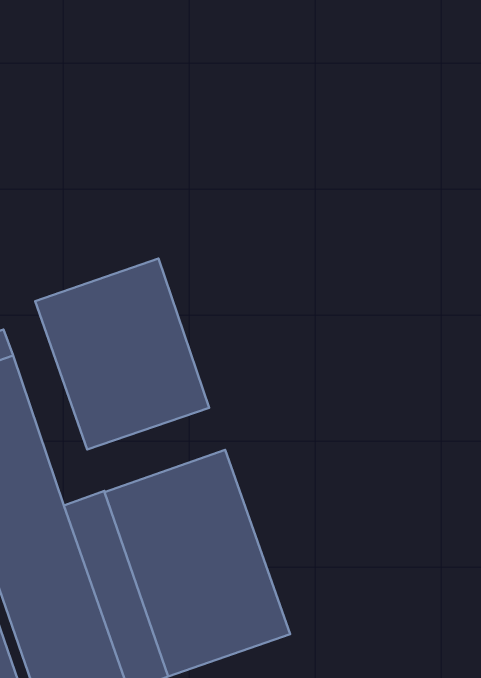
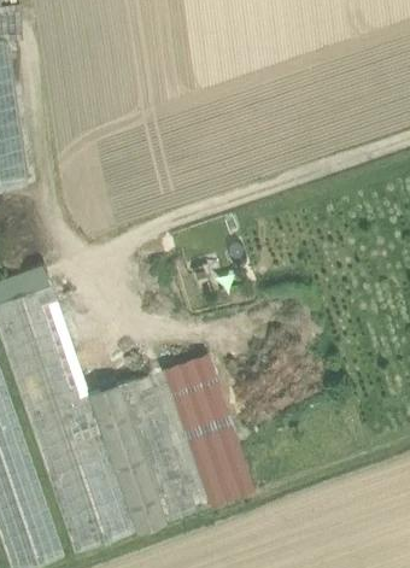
building: [35,258,209,450] -> none

